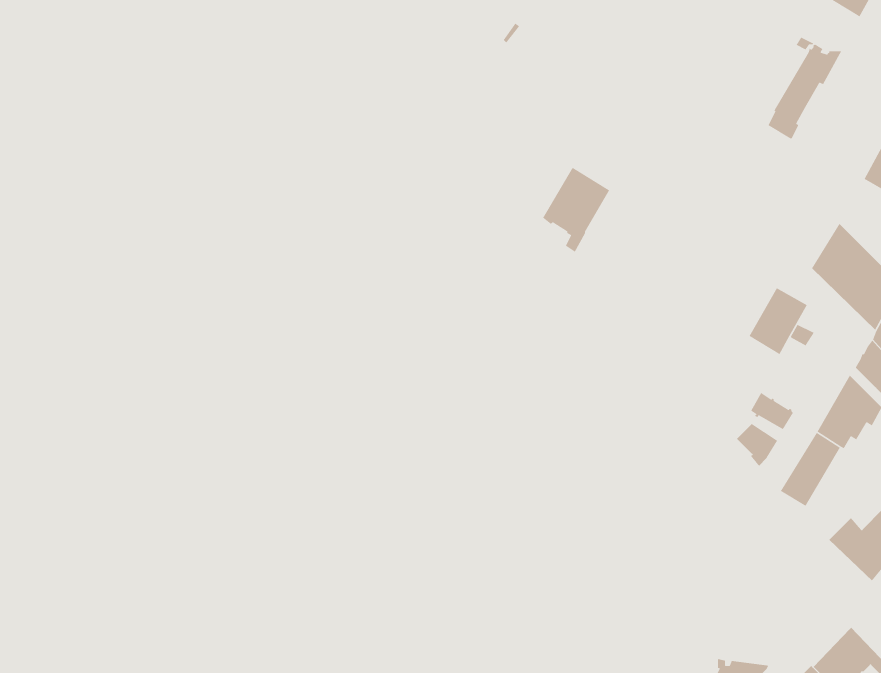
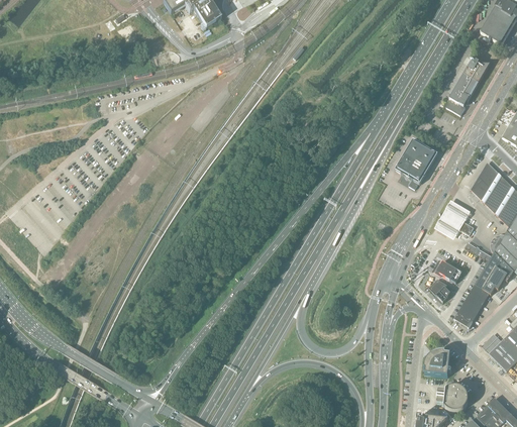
building: [542,167,610,253] -> [396,139,435,189]
building: none -> [423,350,451,376]
building: none -> [437,386,468,411]

